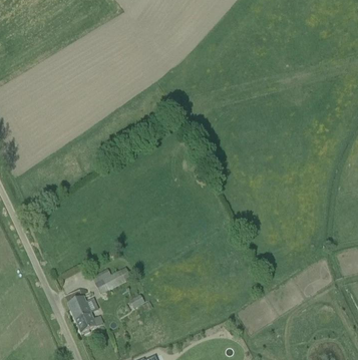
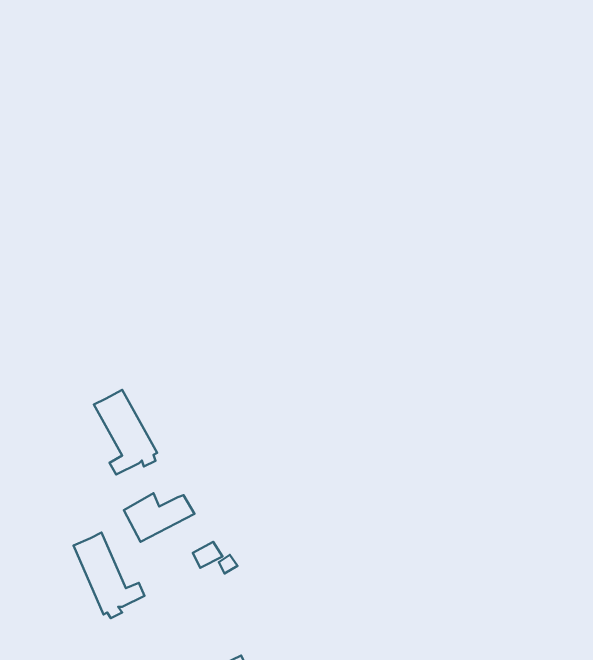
building: none -> [94,390,157,475]

